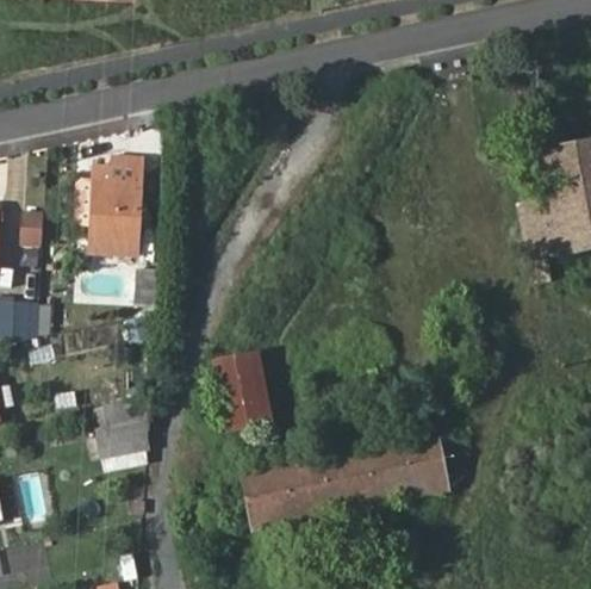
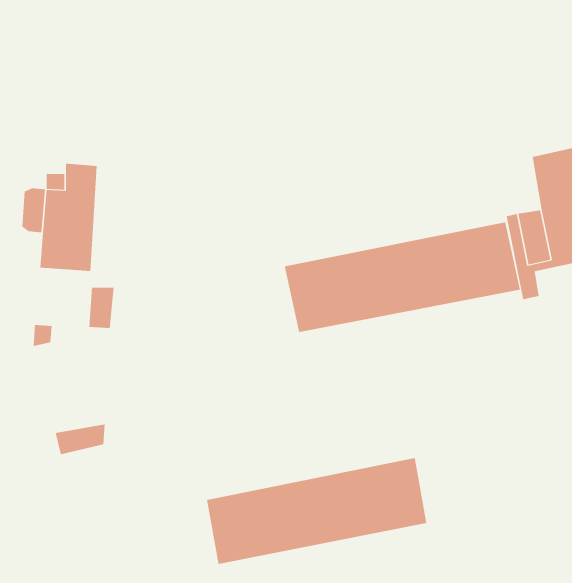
building: none -> [284,222,521,333]
building: [223,353,263,427] -> none
building: [94,415,149,457] -> none

